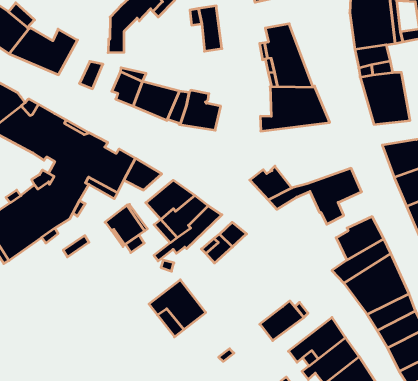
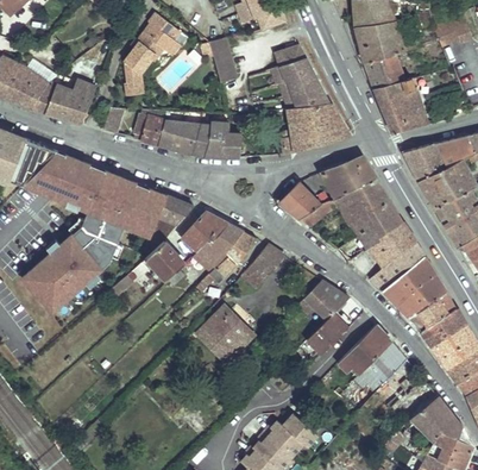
building: none -> [321,156,376,199]
building: none -> [359,200,402,249]
building: none -> [298,281,350,320]

